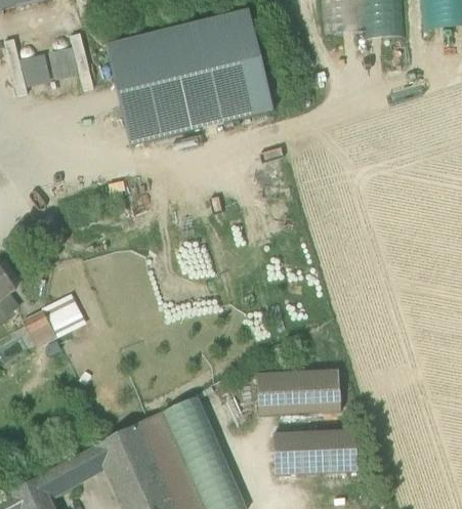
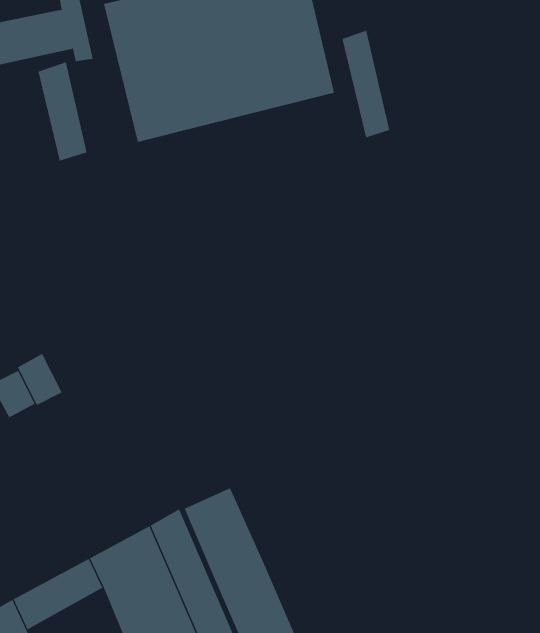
building: none -> [342,30,390,138]
building: none -> [38,62,87,161]
building: [256,369,340,414] -> none
building: [274,428,356,473] -> none

